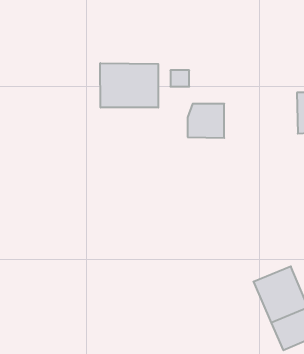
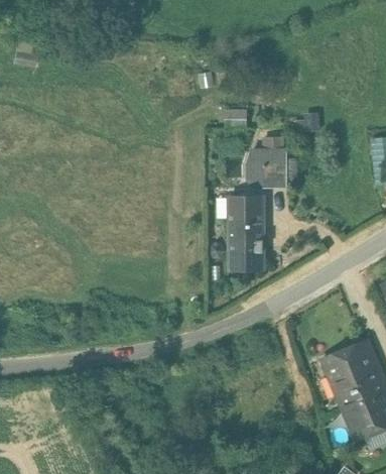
building: [100,63,158,108] -> none
building: none -> [229,196,263,269]

